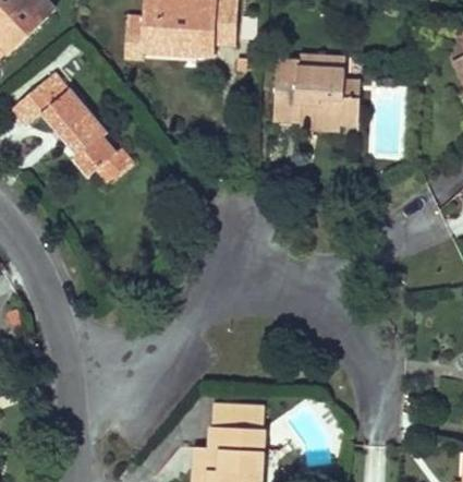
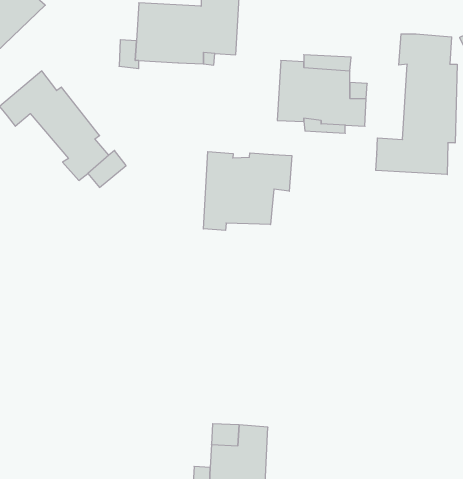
building: none -> [376,34,457,175]
building: none -> [203,152,292,230]

